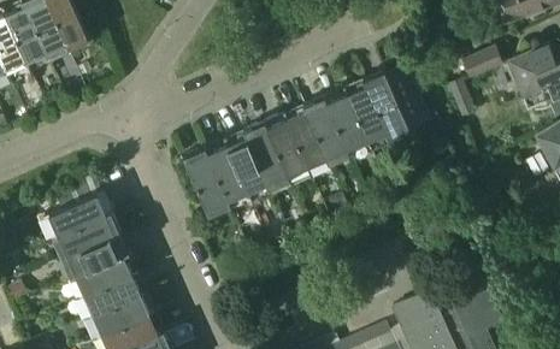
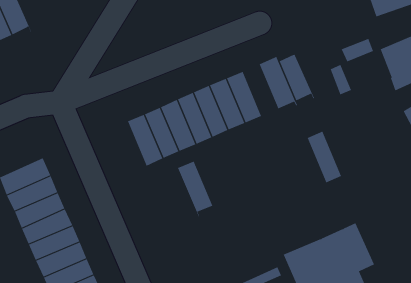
building: [342,83,384,146] -> [307,131,342,183]
building: [182,152,225,219] -> [177,161,213,217]

